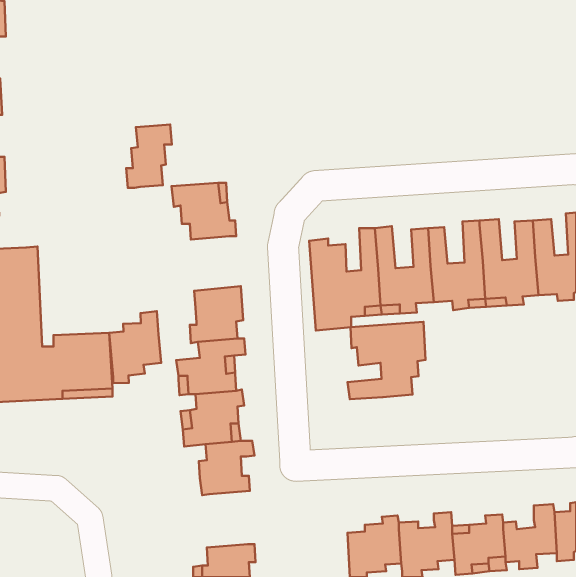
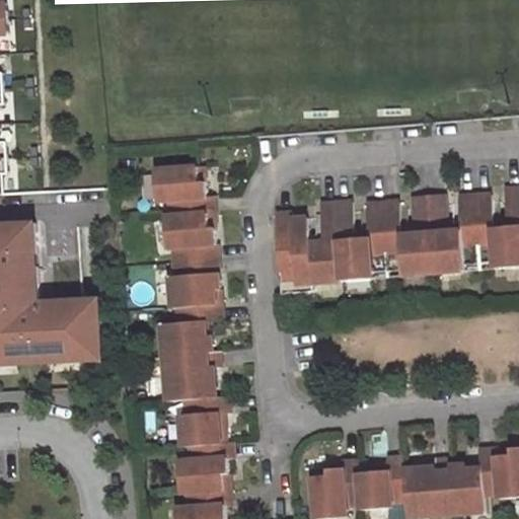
building: [126,125,172,188] -> none
building: none -> [163,211,215,260]
building: [109,311,161,383] -> none
building: [348,322,426,399] -> none
building: none -> [177,438,230,490]

